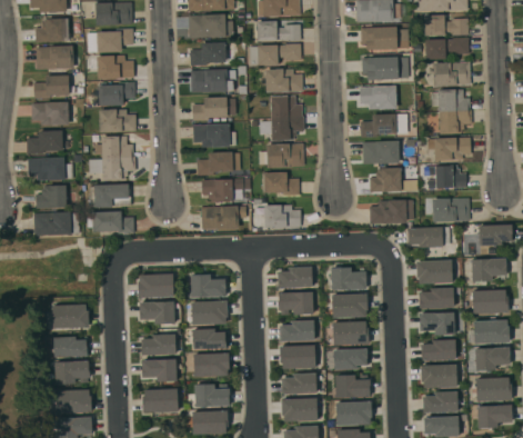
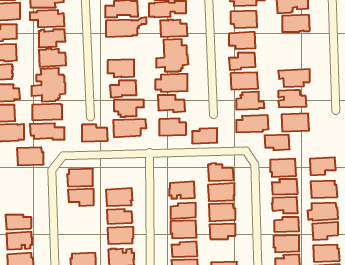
building: [432,89,472,133] -> none
building: [192,97,237,121] -> none
building: [479,225,514,246] -> none
building: [278,267,312,288] -> [192,128,217,143]
building: [191,275,227,298] -> [82,125,108,142]
building: [52,305,89,329] -> [17,147,44,165]
building: [141,335,177,356] -> none
building: [141,359,177,382] -> none
building: [335,375,370,398] -> none

